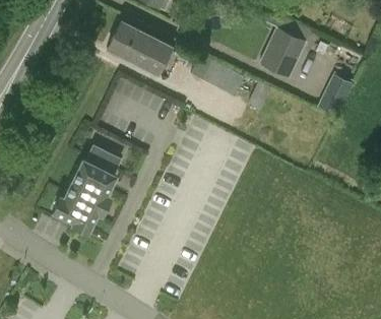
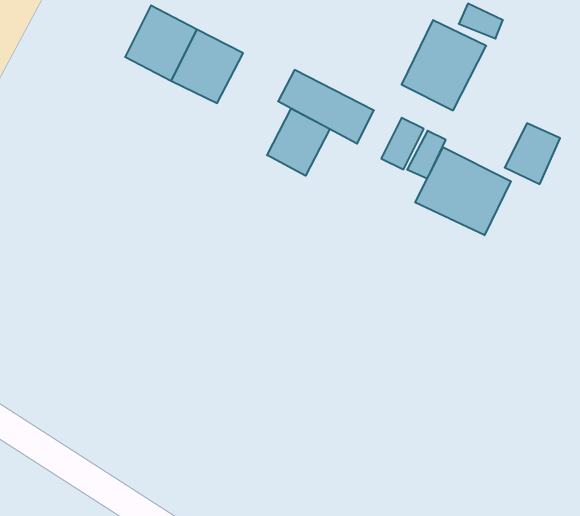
building: none -> [267,108,330,176]
building: none -> [415,147,511,235]
building: [51,147,121,236] -> none

